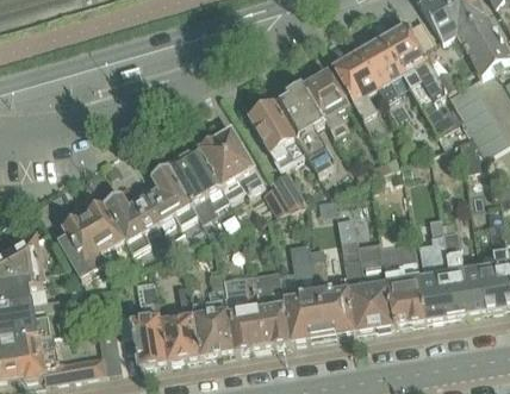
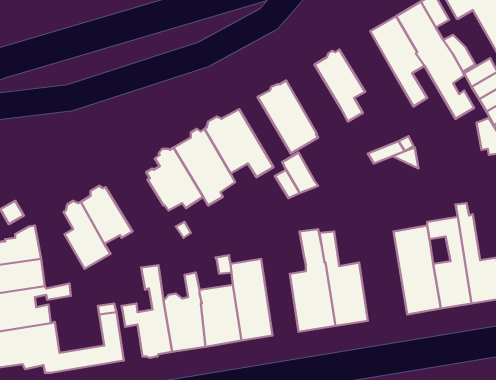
building: [332,54,390,140] -> none
building: [276,85,337,177] -> none
building: [102,192,158,252] -> none
building: [341,238,393,332] -> none
building: [253,268,288,348] -> none

